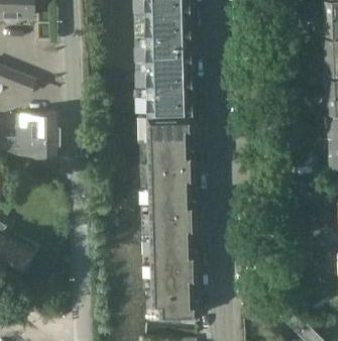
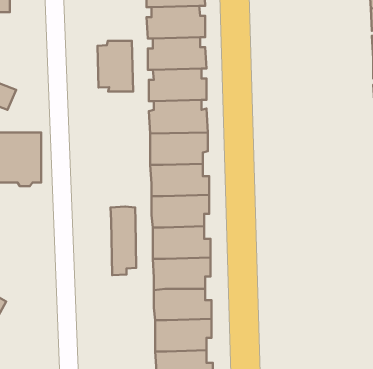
building: none -> [98,41,133,91]
building: none -> [111,207,136,275]

